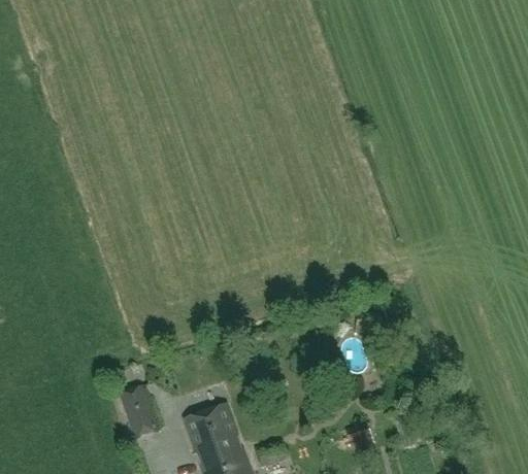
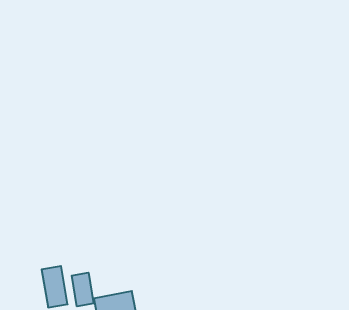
building: none -> [72,273,94,306]

